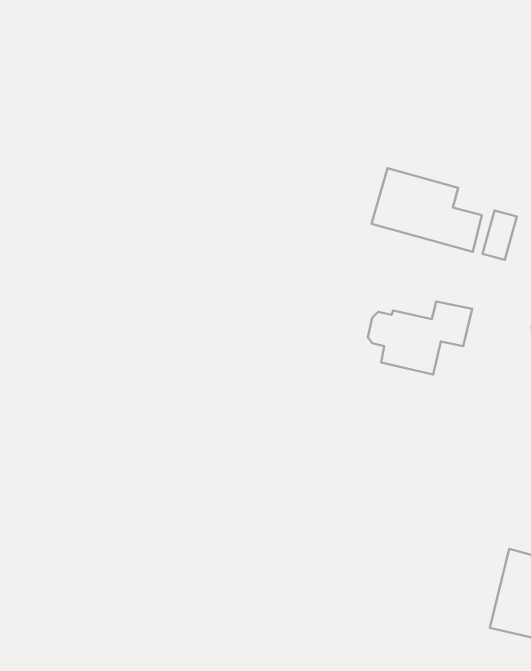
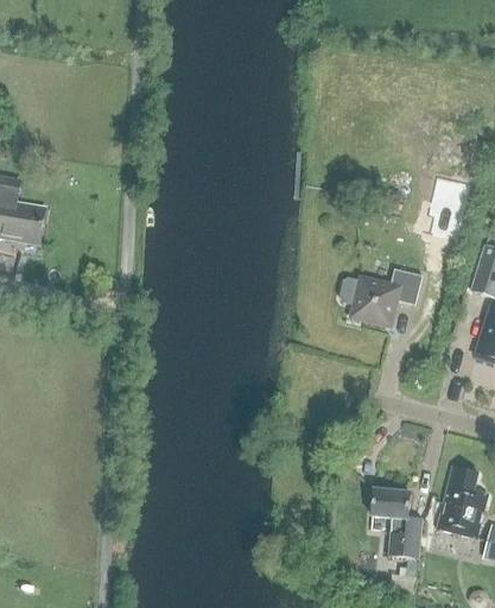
building: [372,168,482,252] -> none
building: none -> [370,489,421,558]

